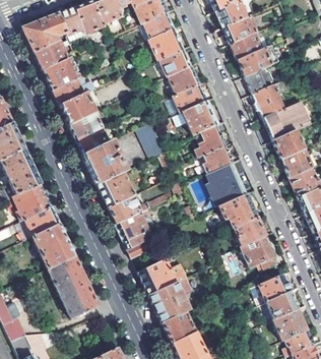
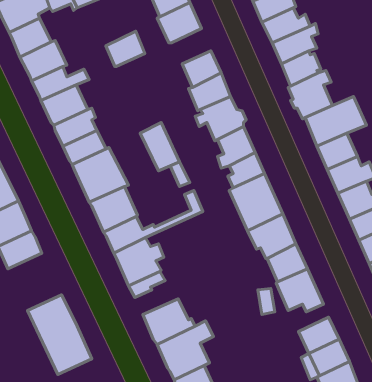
building: [159,49,190,76] -> [106,31,145,67]
building: [33,224,74,268] -> none

